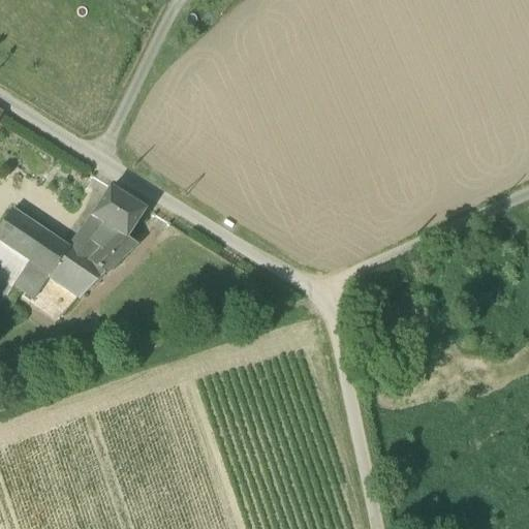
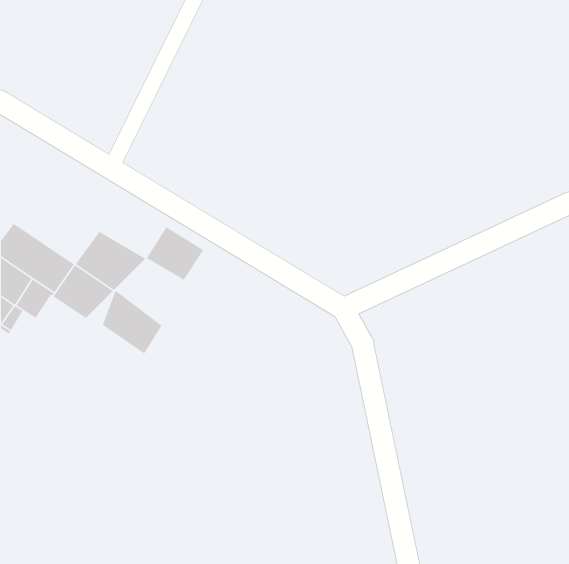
building: [93,184,147,235] -> [146,226,204,281]
building: none -> [102,290,163,354]

